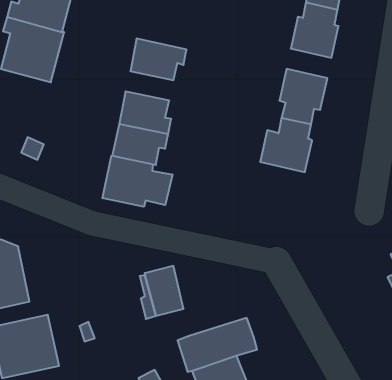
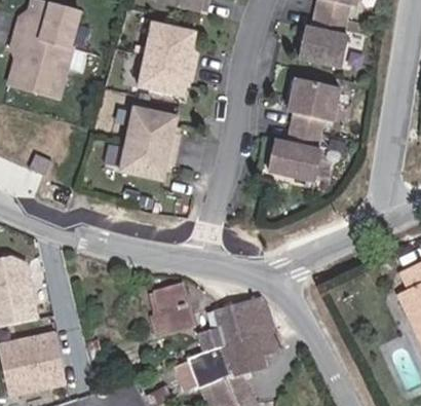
building: none -> [144,22,197,64]
building: [103,156,172,207] -> none
building: none -> [196,295,278,354]

